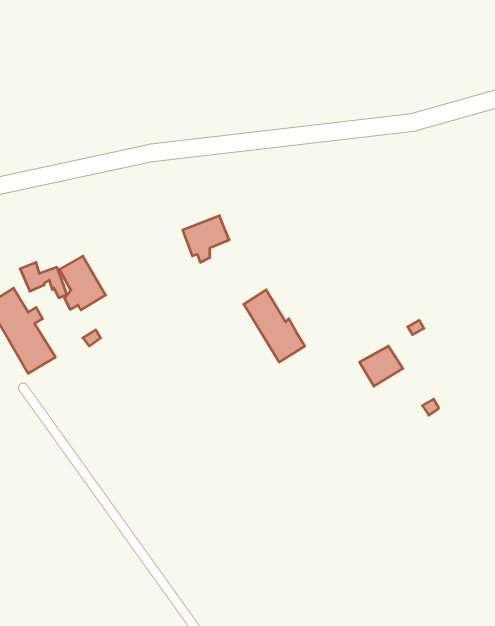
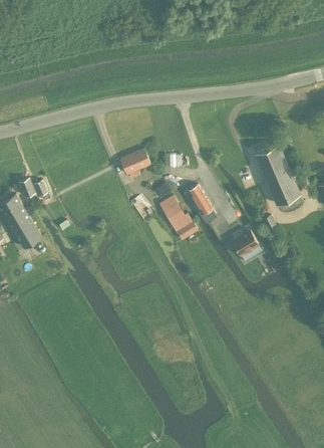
building: none -> [256,145,301,204]
building: [59,256,106,310] -> none
building: none -> [185,185,212,216]

